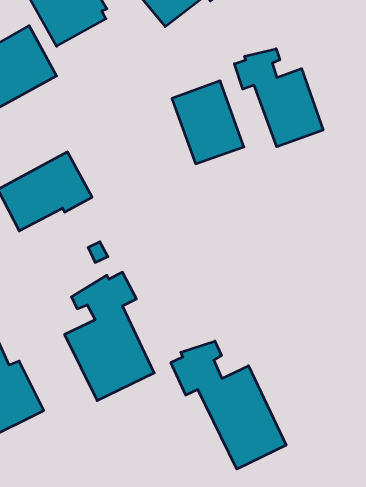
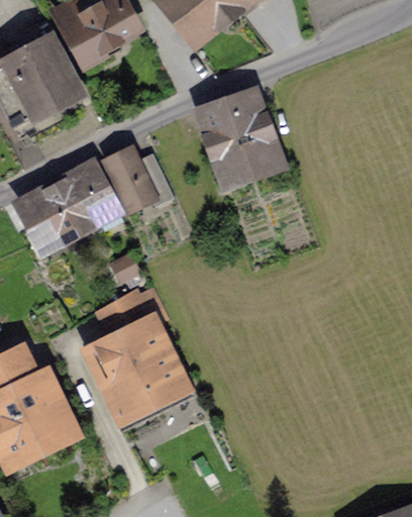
building: [234,49,323,147] -> none
building: none -> [108,154,172,208]
building: [171,341,286,469] -> none

